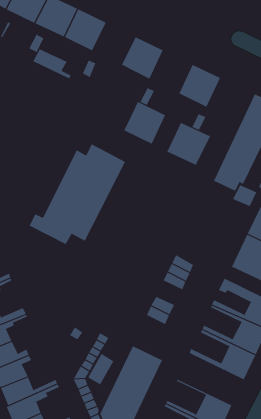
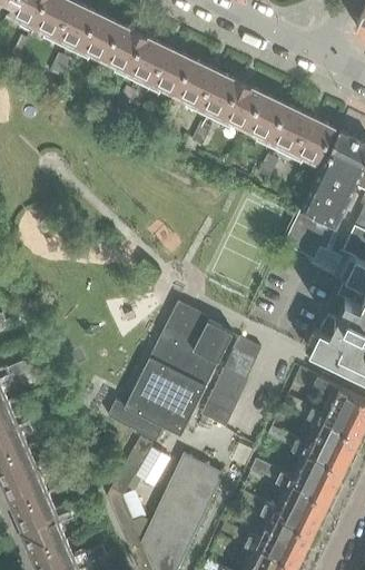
building: none -> [131,40,186,95]
building: [33,48,72,79] -> none
building: [123,101,166,144] -> [205,76,259,131]
building: [167,122,211,166] -> [278,111,335,167]
building: [29,143,126,245] -> [108,312,233,442]
building: none -> [213,372,247,403]
building: none -> [240,465,326,532]

